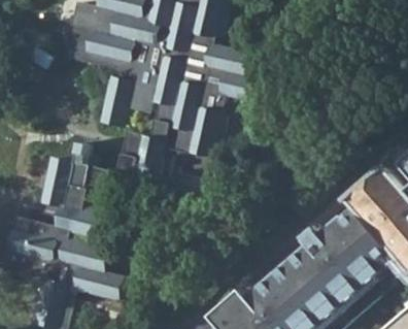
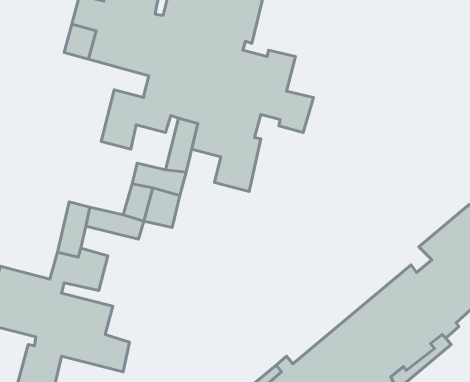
building: [37,160,69,205] -> none

